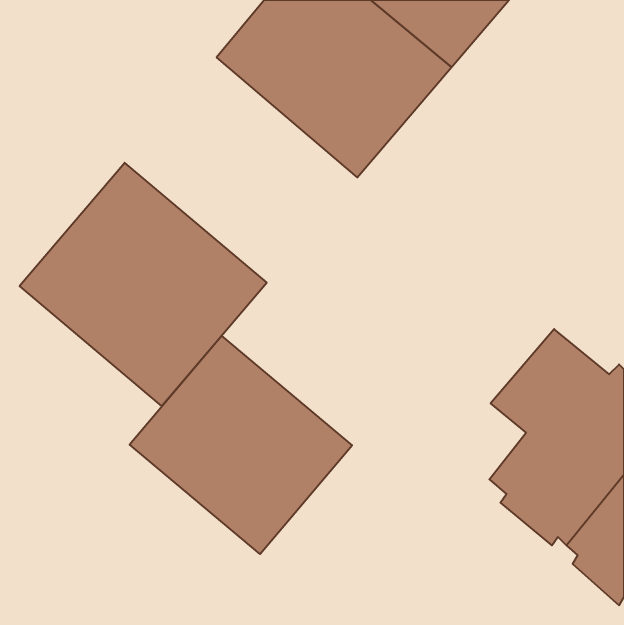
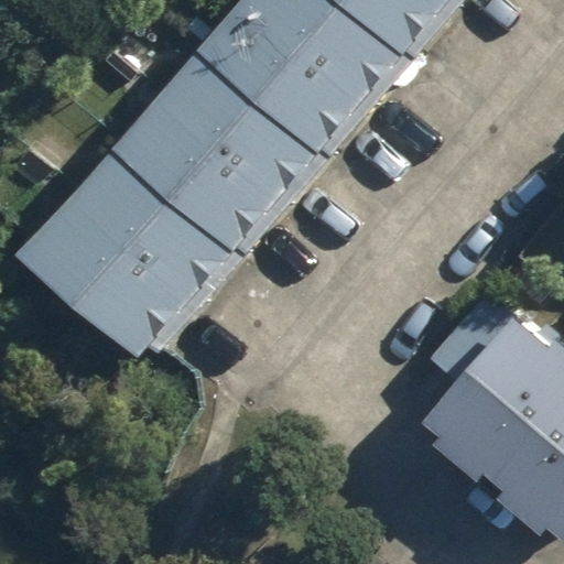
building: none -> [112,52,322,254]
building: [130,336,352,554] -> none

